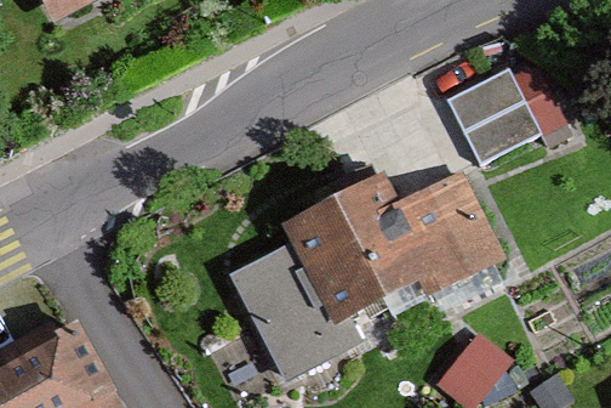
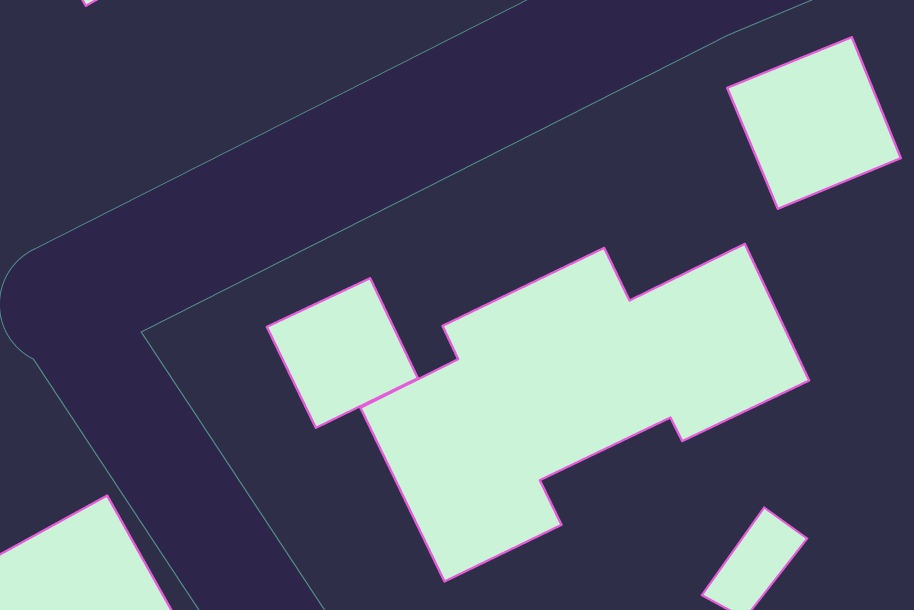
building: none -> [267,278,418,428]

